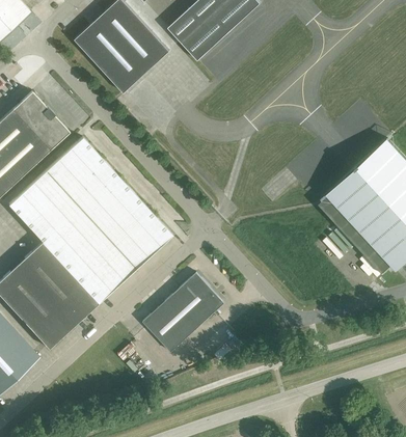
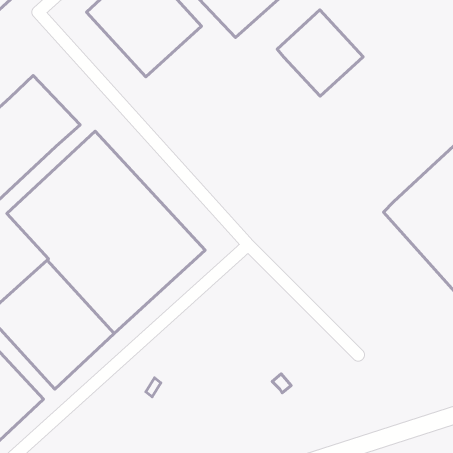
building: none -> [277,10,363,96]
building: [142,272,221,352] -> none

